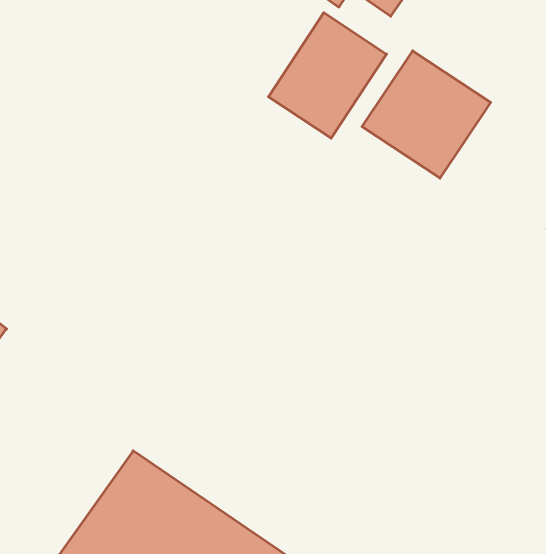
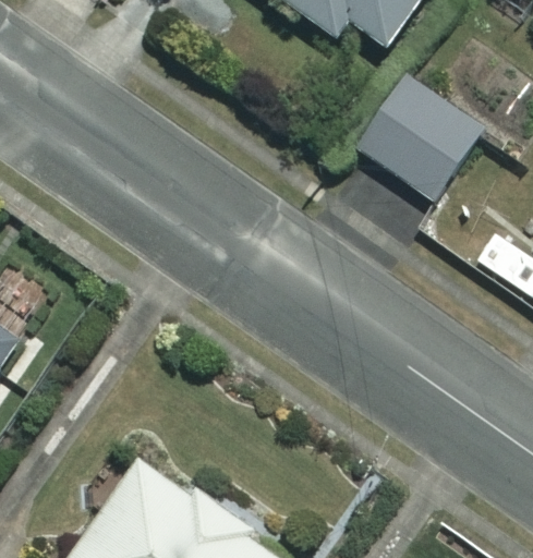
building: [268,13,387,138] -> none

